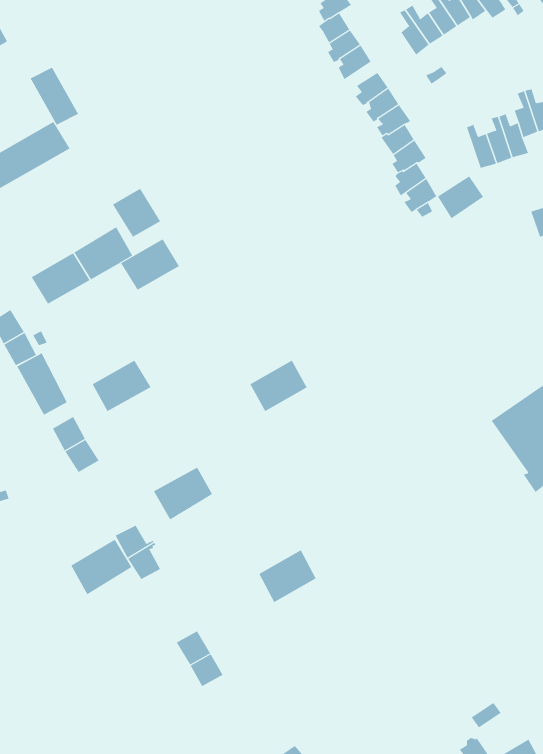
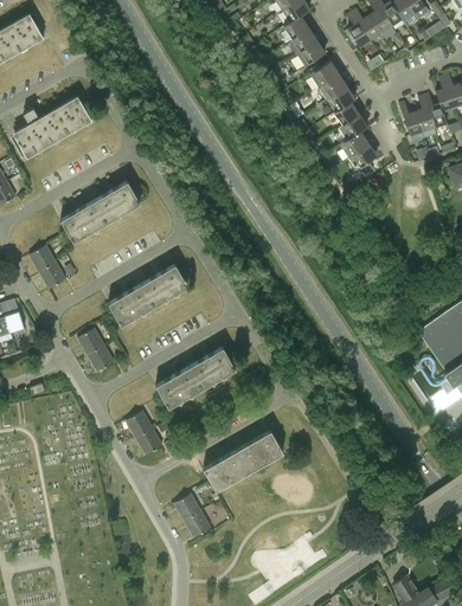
building: [30,67,79,125] -> none
building: [437,175,484,219] -> none
building: [112,188,161,238] -> none
building: [120,239,180,291] -> [142,265,188,305]
building: [16,352,67,416] -> none
building: [249,360,308,412] -> [191,348,236,388]
building: [71,539,132,595] -> none
building: none -> [205,450,250,491]

